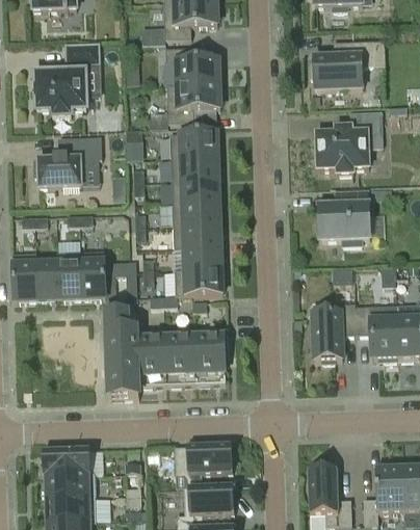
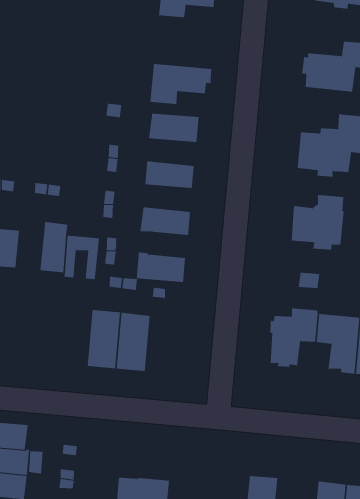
building: [35,45,99,116] -> none
building: [165,48,224,86] -> none
building: [34,136,102,187] -> none
building: [170,157,218,181] -> none
building: [173,202,220,226] -> none
building: [184,247,221,270] -> none
building: [57,251,82,299] -> none
building: [106,315,139,399] -> none
building: [194,328,229,383] -> none
building: [175,445,233,488] -> none

